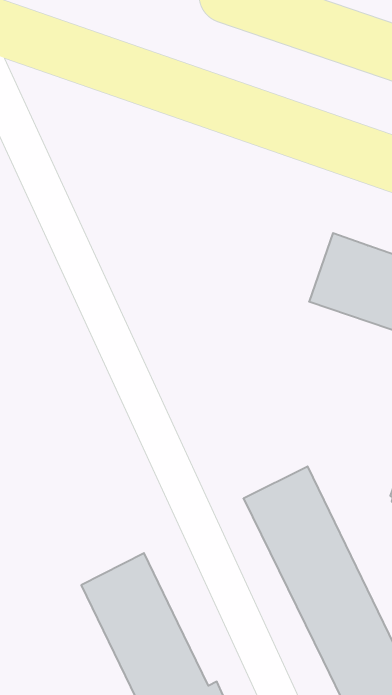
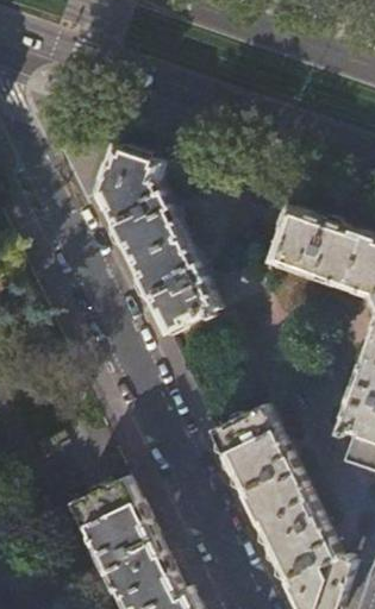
building: none -> [95,147,221,339]

